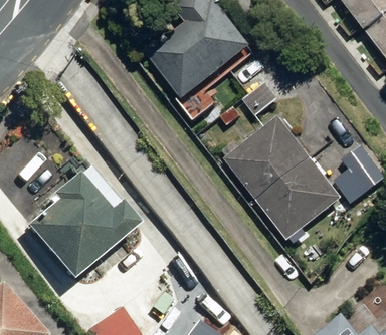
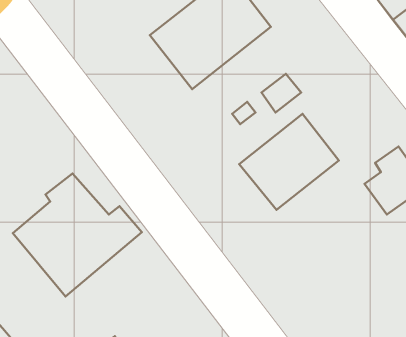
building: [258,157,344,239] -> none

